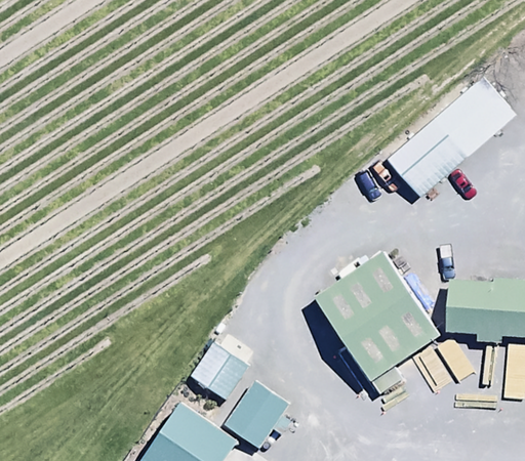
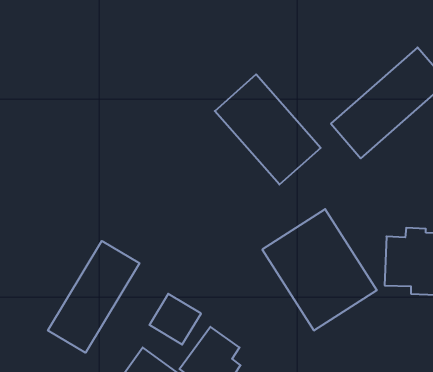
building: none -> [215,74,321,185]
building: none -> [48,241,139,353]

